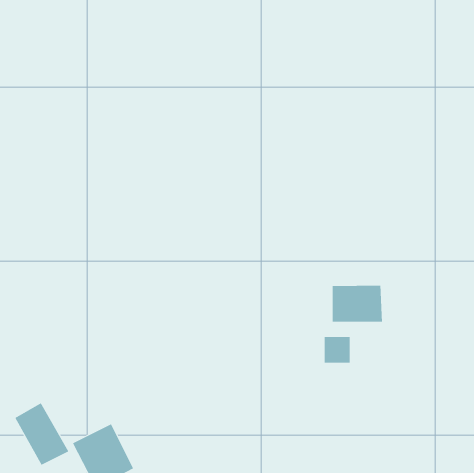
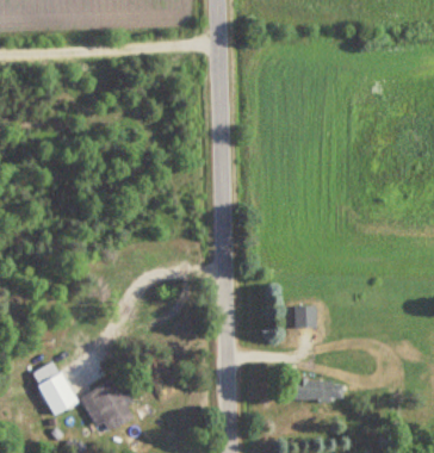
building: [332,285,383,322] -> none
building: none -> [294,380,343,401]

